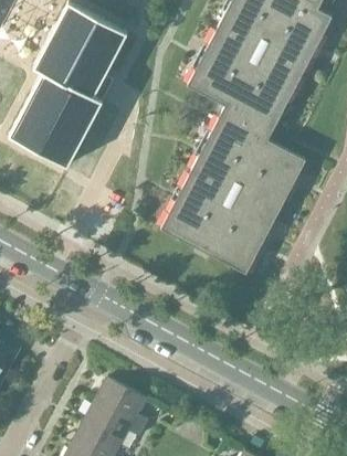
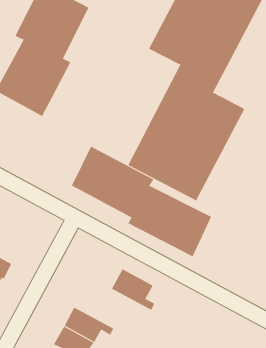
building: none -> [71,146,212,257]
building: [96,378,150,430] -> [111,268,155,311]

